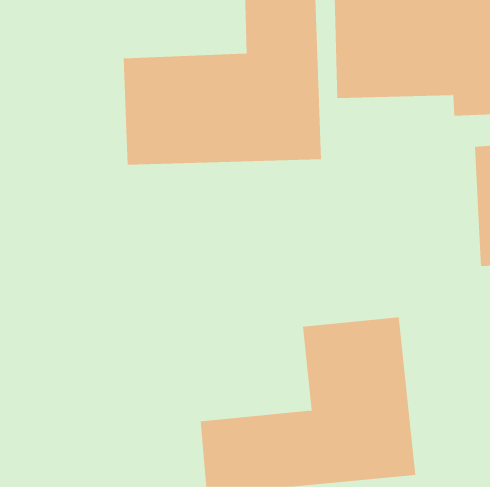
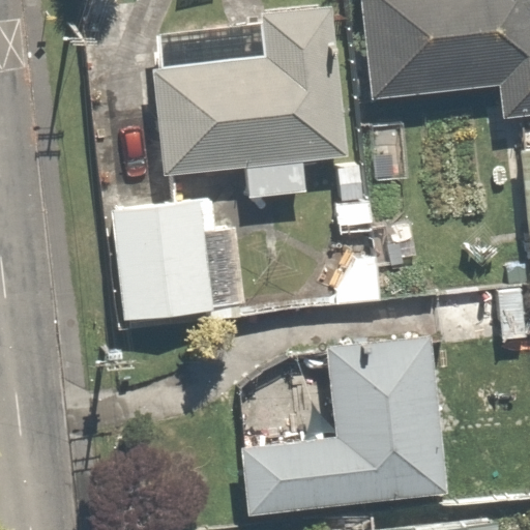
building: none -> [116,206,218,317]

